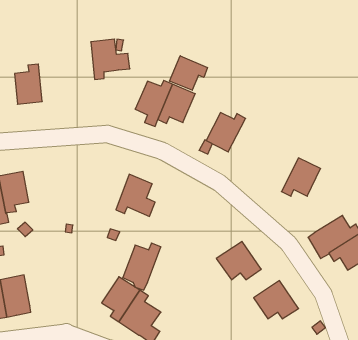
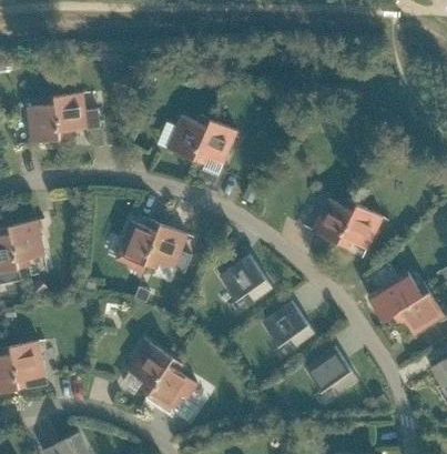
building: [91,39,130,79] -> [55,93,101,140]
building: [170,56,208,90] -> none
building: [206,113,246,152] -> [312,199,357,244]
building: none -> [220,255,272,301]
building: [123,243,161,290] -> [116,220,161,274]

